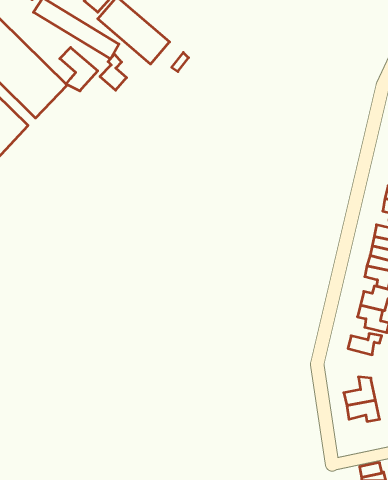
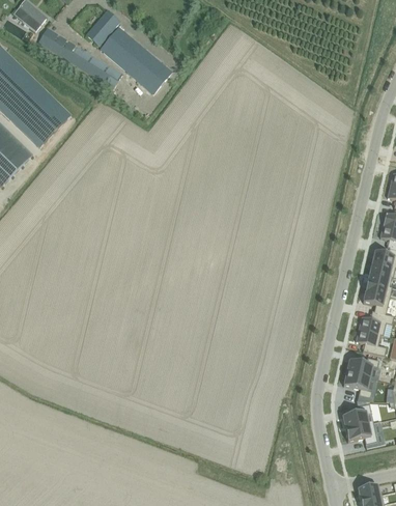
building: [60,47,98,91] -> none
building: [100,54,127,90] -> none
building: none -> [343,371,372,397]

